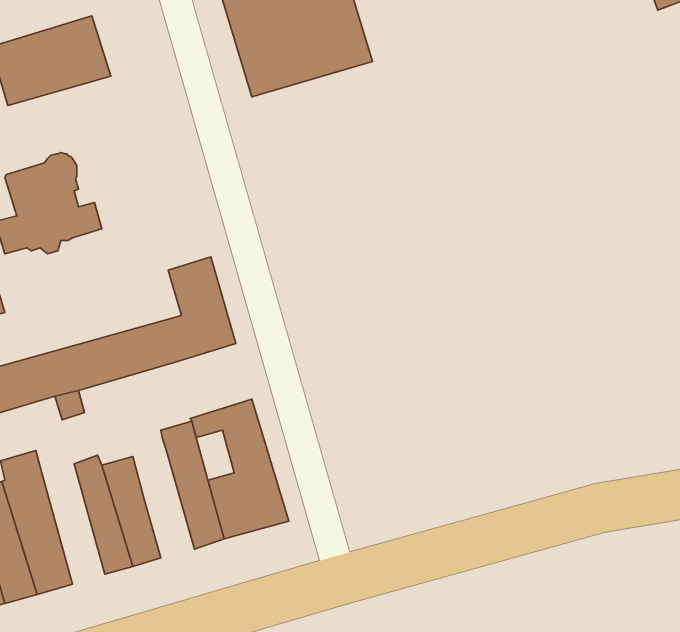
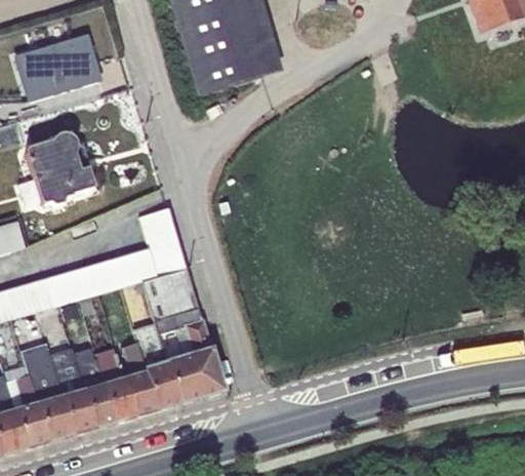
building: none -> [144,267,198,319]
building: none -> [123,343,158,417]
building: none -> [50,346,95,435]

